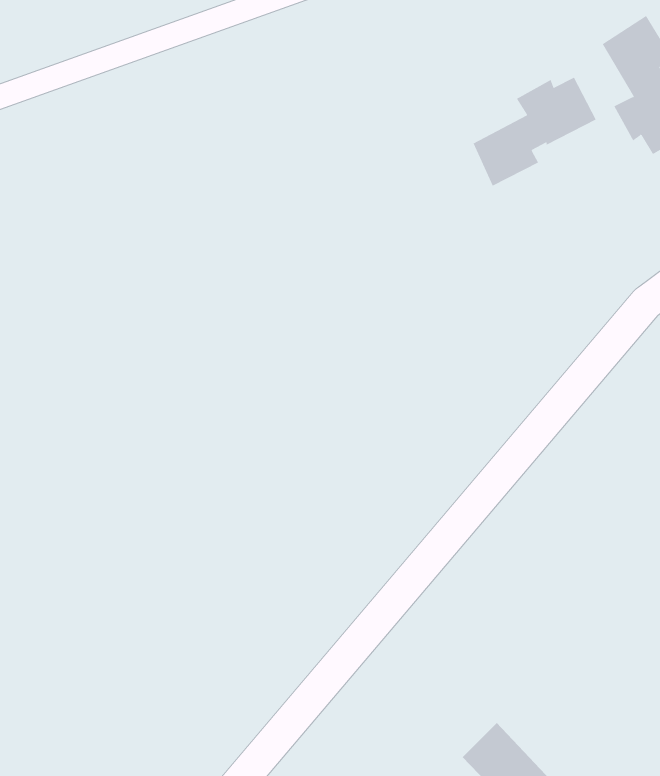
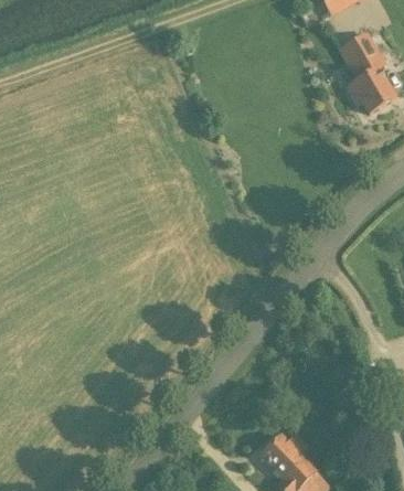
building: [473,77,596,186] -> none

